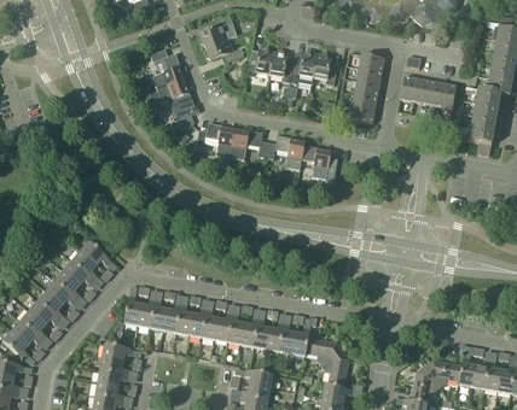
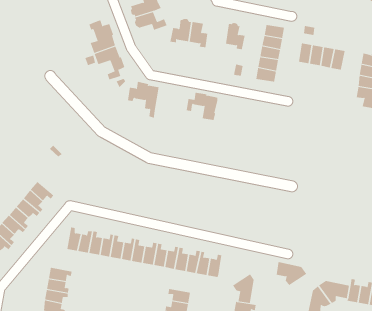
building: [291,49,318,84] -> none
building: [231,129,269,159] -> none
building: [302,145,338,187] -> none
building: [307,336,344,365] -> [276,262,307,286]

